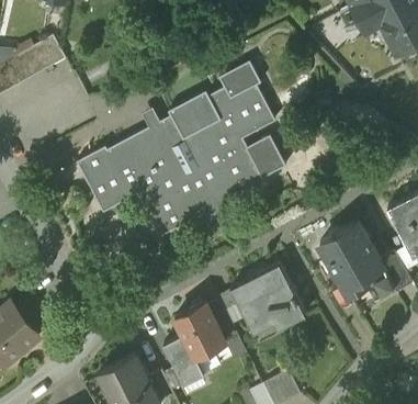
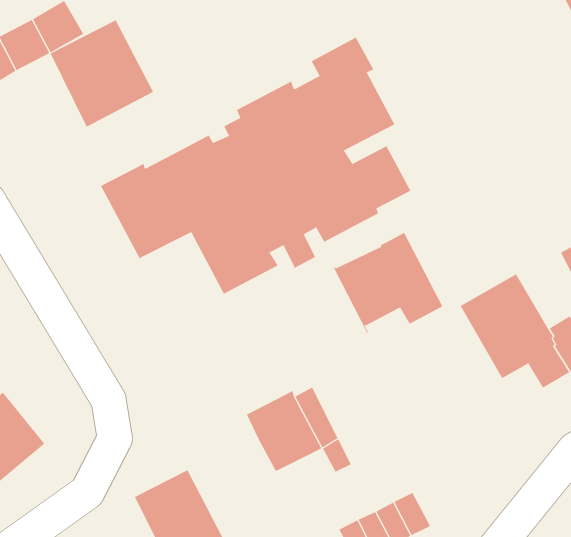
building: none -> [50,19,154,128]
building: [230,263,305,333] -> [333,232,443,334]
building: [163,334,204,383] -> none

